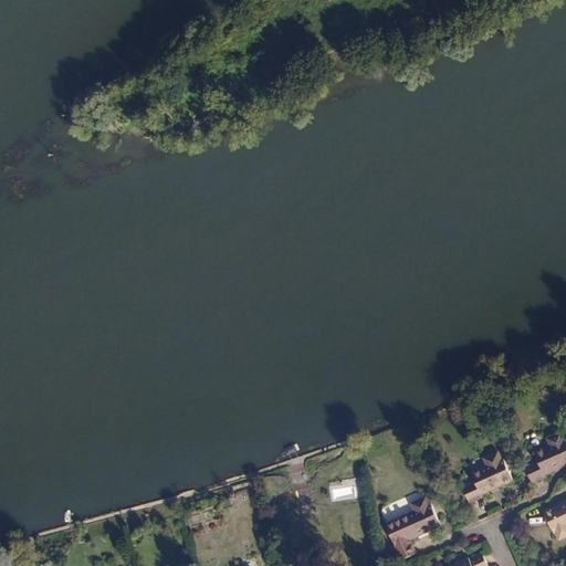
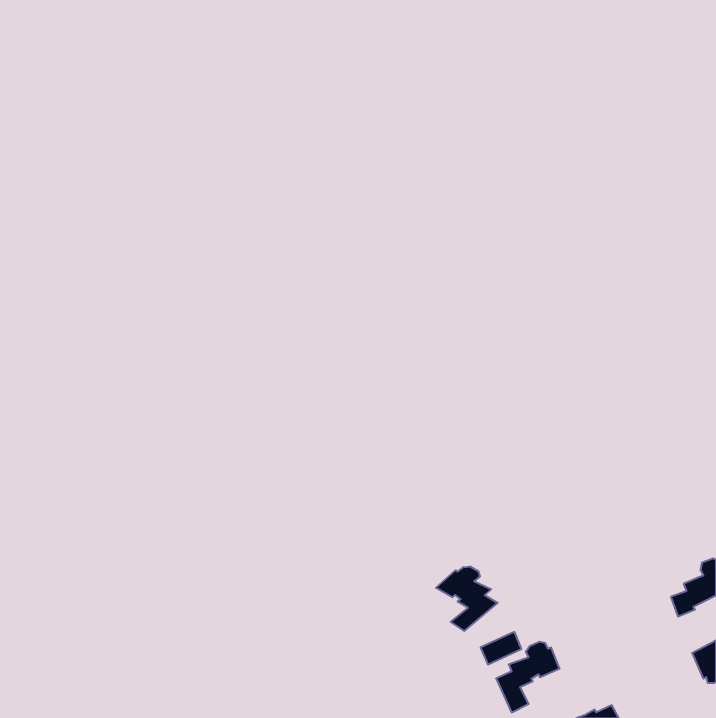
building: none -> [436,566,498,631]
building: [462,455,514,502] -> none

